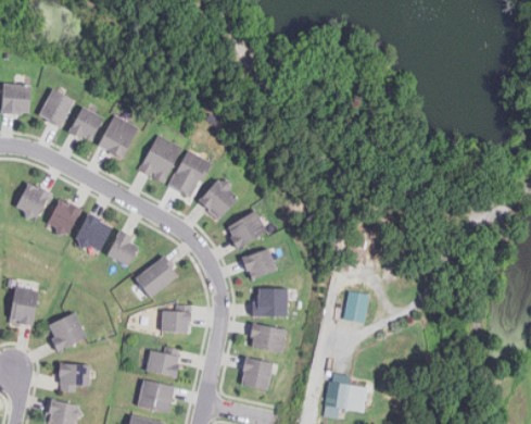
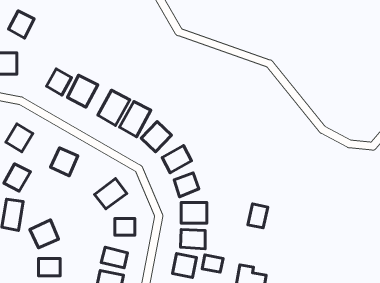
building: [39,89,74,126] -> [8,11,34,38]
building: [46,199,81,236] -> [4,164,30,191]
building: [106,229,138,266] -> none
building: none -> [202,255,223,272]

